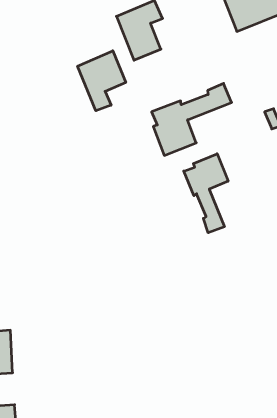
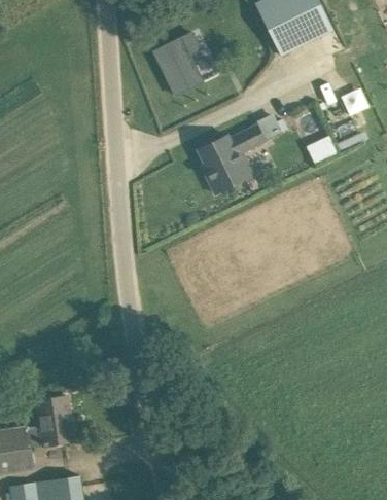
building: [78,51,126,111] -> none
building: [184,154,228,233] -> none

